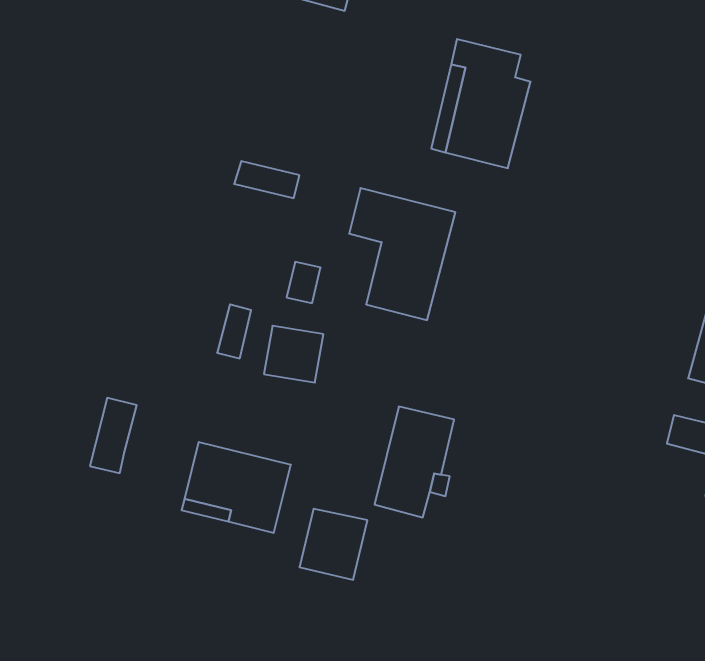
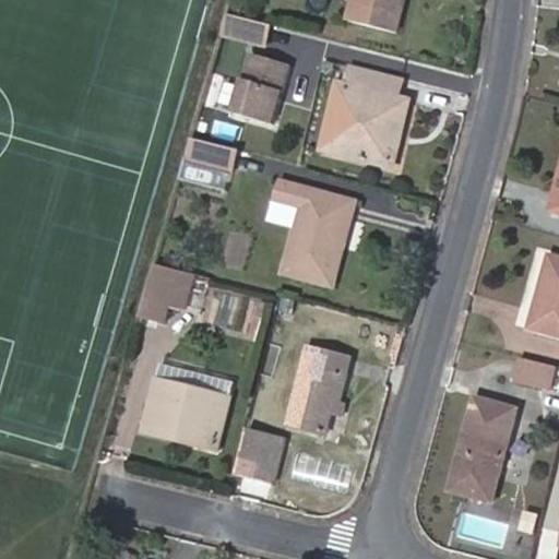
building: none -> [234,52,288,122]
building: none -> [186,135,241,171]
building: [90,398,137,473] -> [141,264,177,322]
building: none -> [451,400,516,500]

